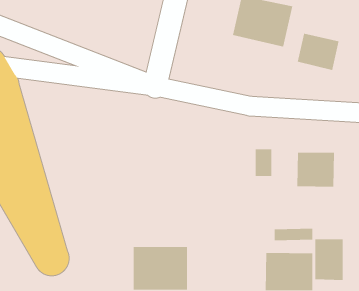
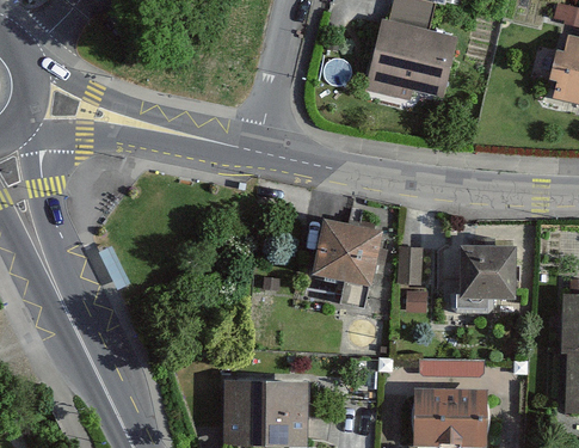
building: [297,33,339,71] -> none
building: none -> [314,222,380,306]
building: [315,239,343,281] -> none

